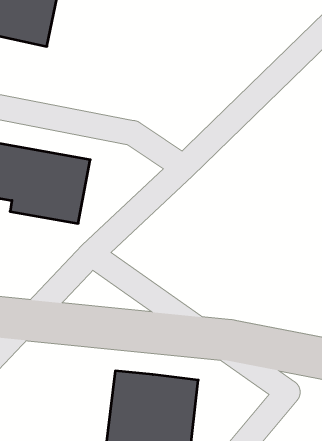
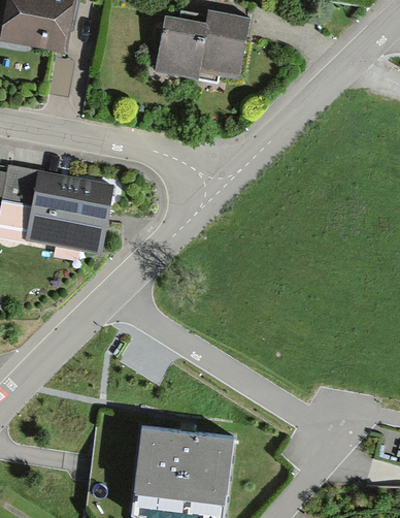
building: none -> [155,15,248,83]

